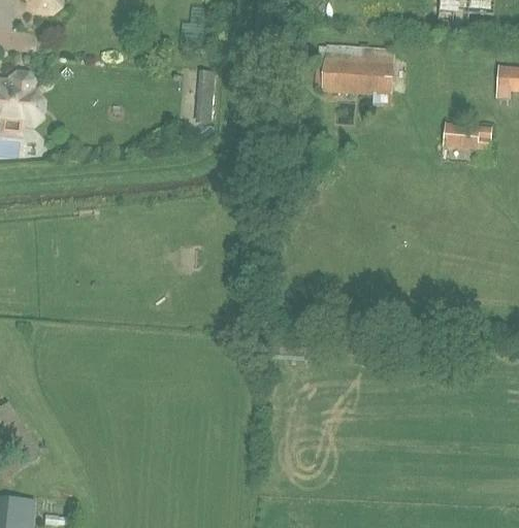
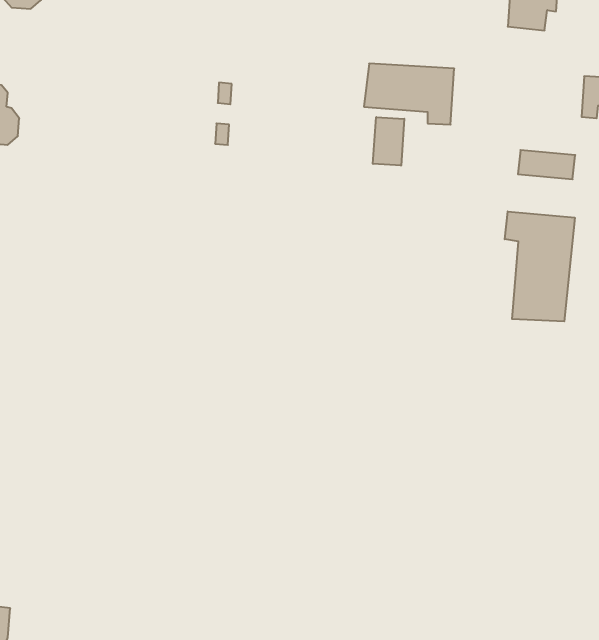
building: none -> [373,117,404,166]
building: none -> [505,211,575,321]

